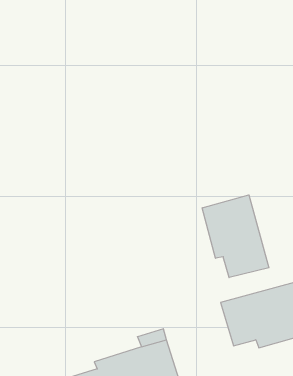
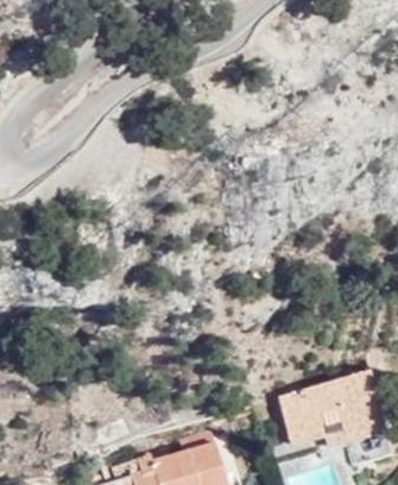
building: [202,195,269,278] -> none

